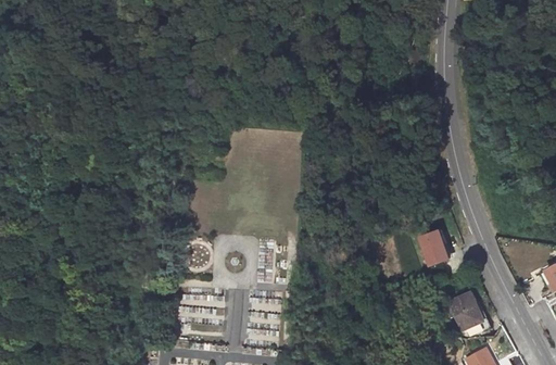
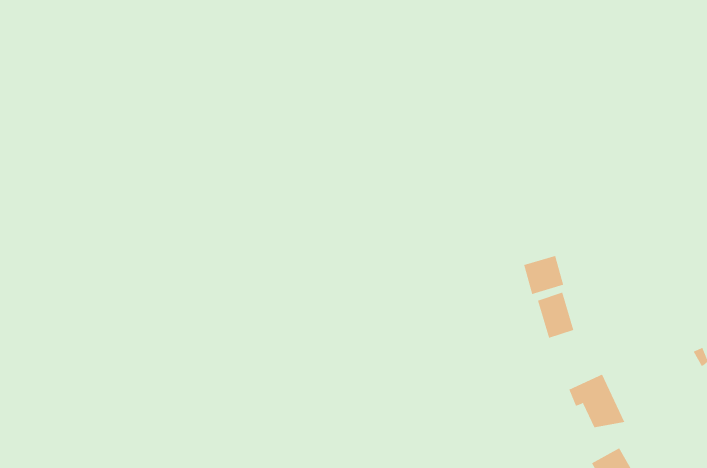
building: none -> [524,255,564,295]

